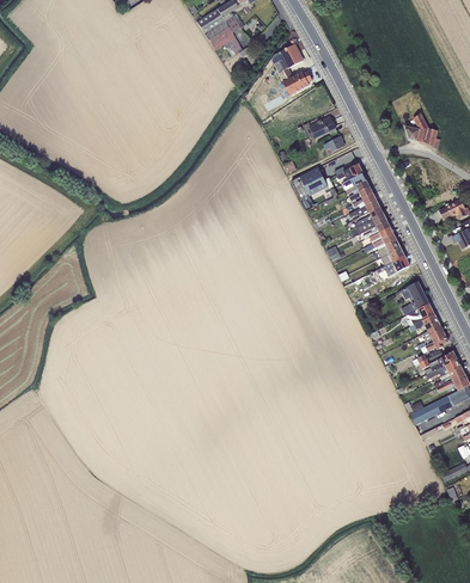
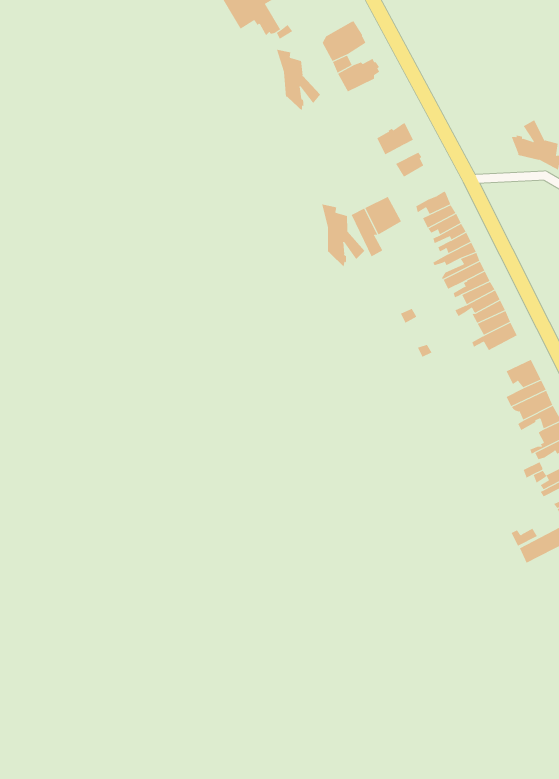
building: none -> [276,49,321,111]
building: none -> [322,203,365,268]

